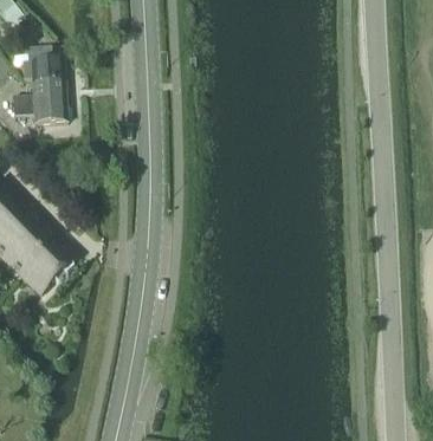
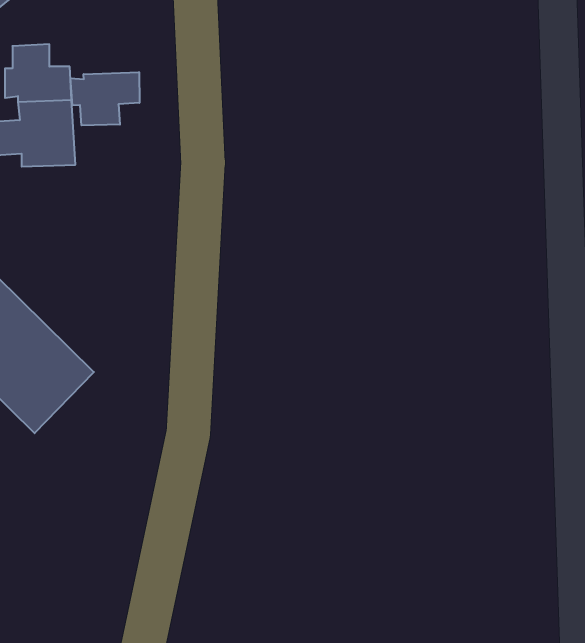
building: none -> [70,72,139,125]

